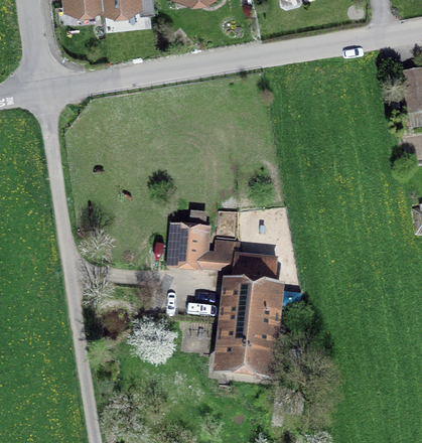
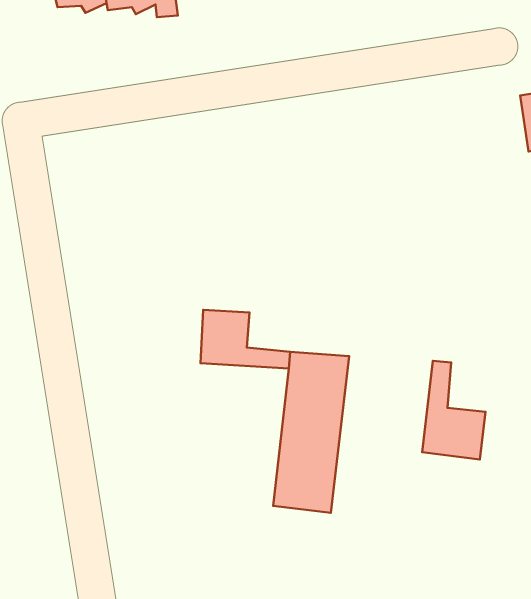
building: none -> [422,361,486,460]

